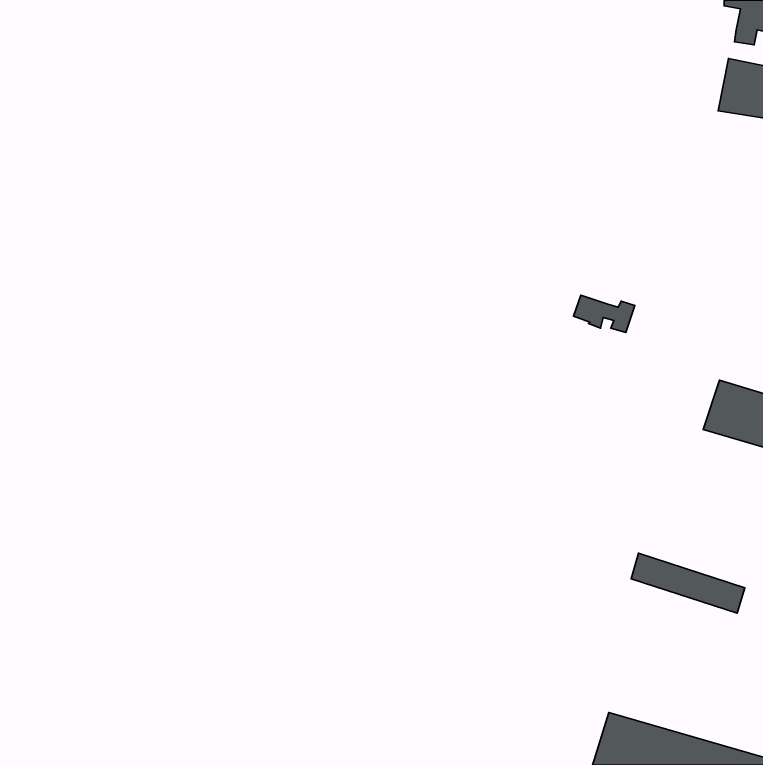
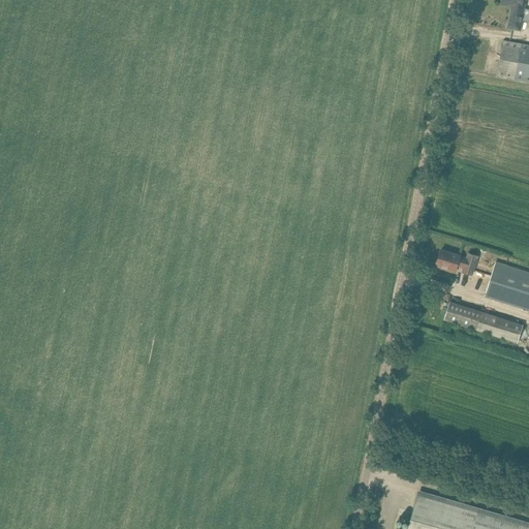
building: [573,295,635,333] -> [437,250,479,276]
building: [631,553,745,613] -> [445,302,524,343]

